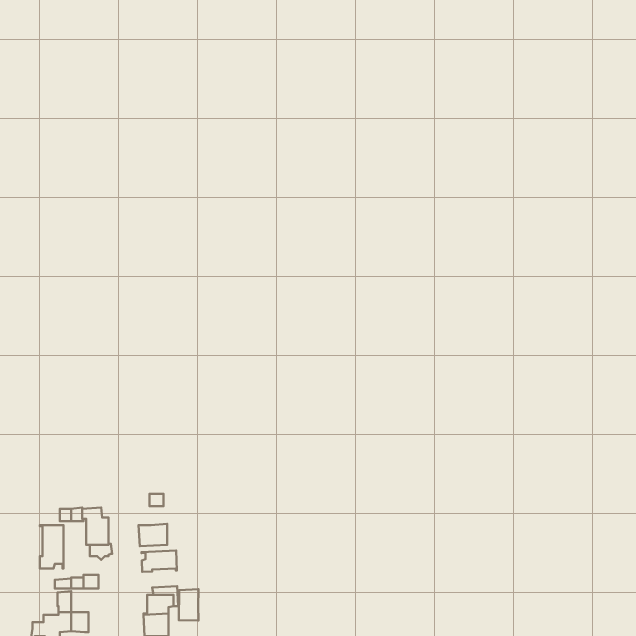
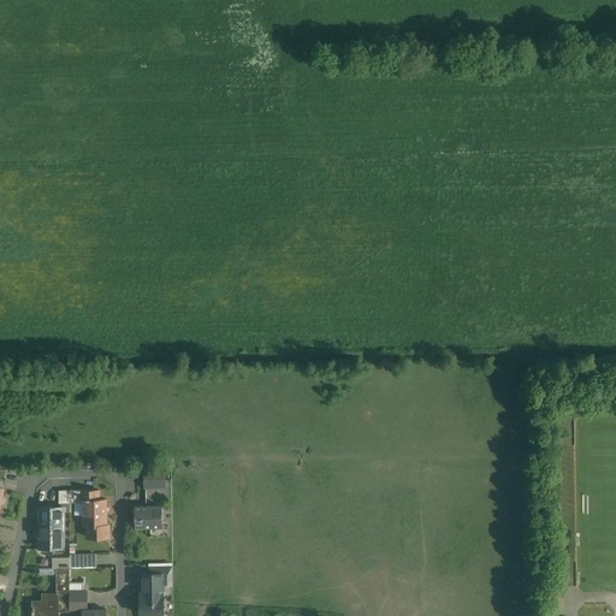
building: [141,551,177,572] -> none
building: [179,589,199,620] -> none

